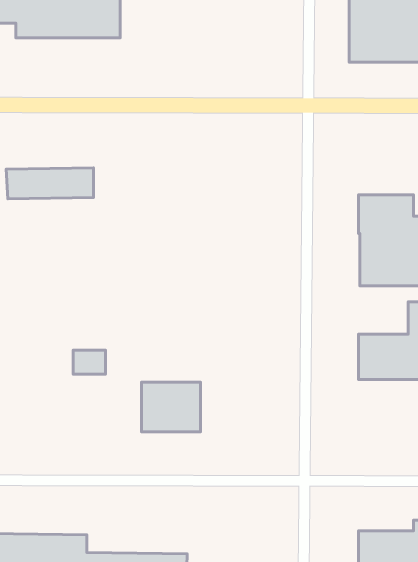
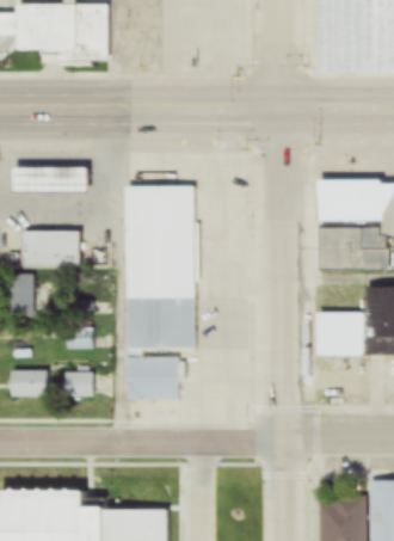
building: none -> [123,180,187,345]
building: none -> [21,230,75,264]
building: none -> [11,273,35,316]
building: none -> [13,369,54,396]
building: none -> [66,371,97,396]

